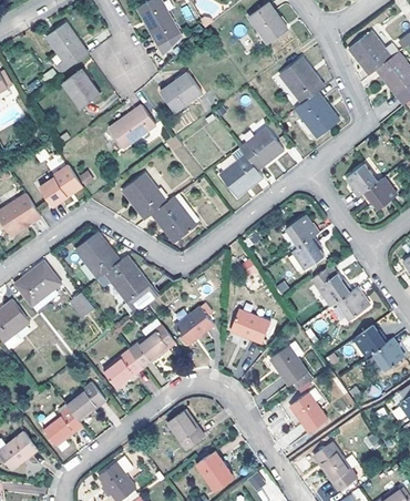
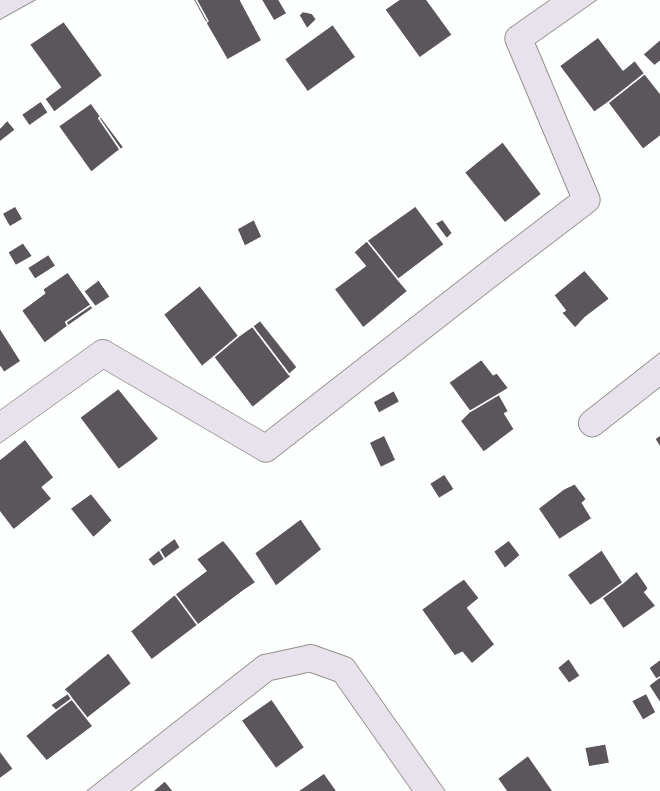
building: [278,57,324,103] -> none
building: [160,72,201,111] -> [284,24,356,92]
building: [107,105,154,147] -> none
building: [362,176,396,208] -> none
building: [104,255,157,311] -> none
building: [310,265,350,305] -> none
building: [230,309,268,342] -> none
building: [289,392,326,432] -> none

